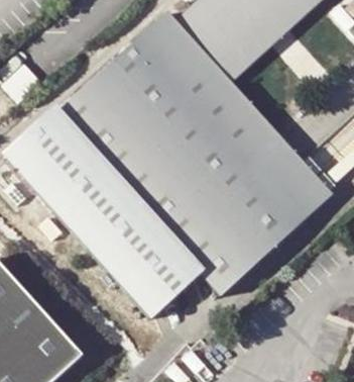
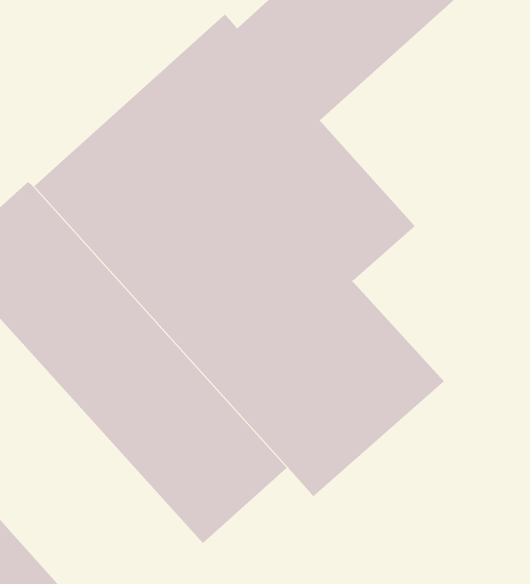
building: [243,135,332,226] -> none

